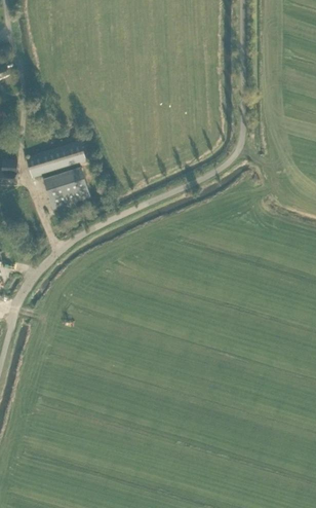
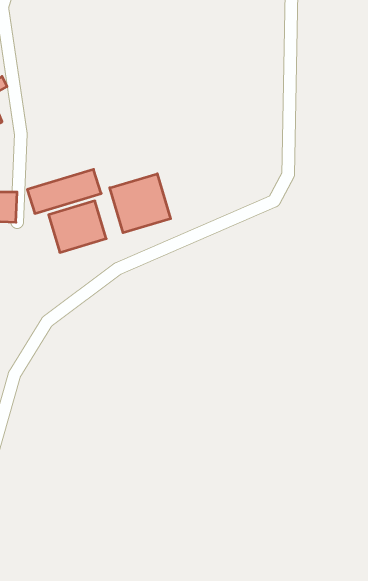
building: none -> [110,174,171,233]

